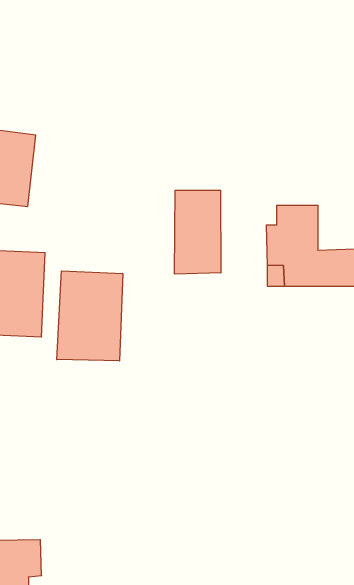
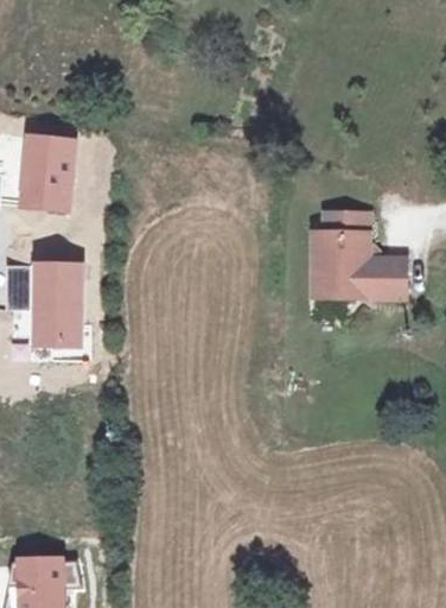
building: [174,190,221,274] -> none
building: [57,271,123,361] -> none

